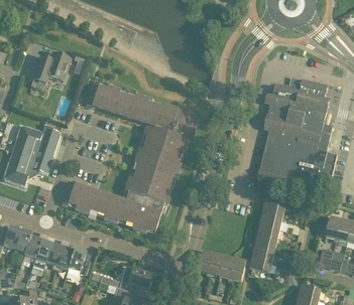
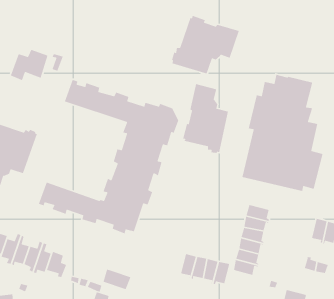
building: none -> [171,15,240,75]
building: none -> [182,83,229,154]

